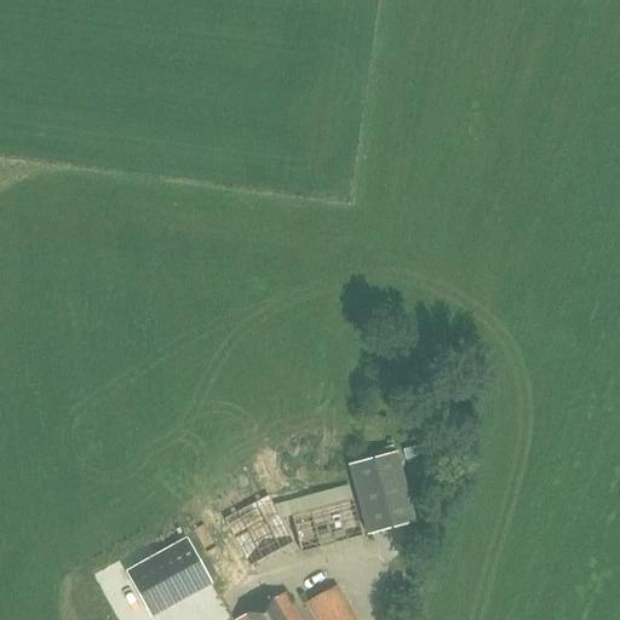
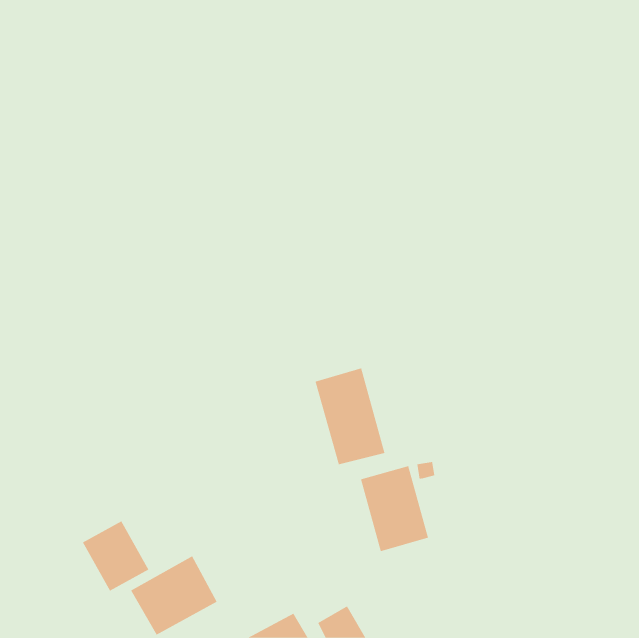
building: none -> [315,367,385,465]
building: none -> [82,520,149,592]

